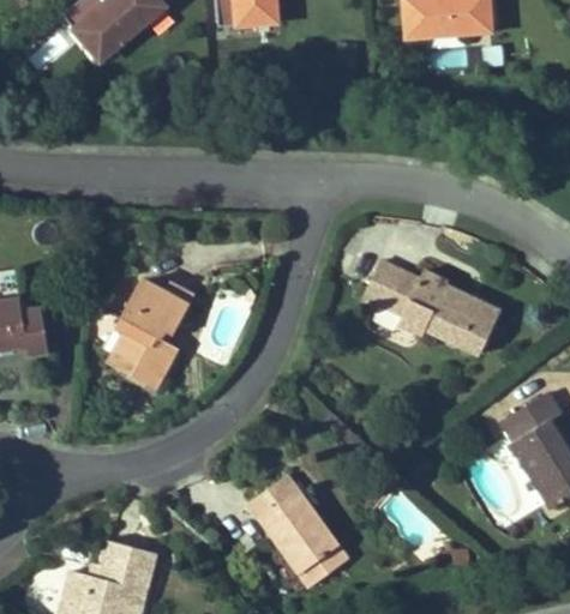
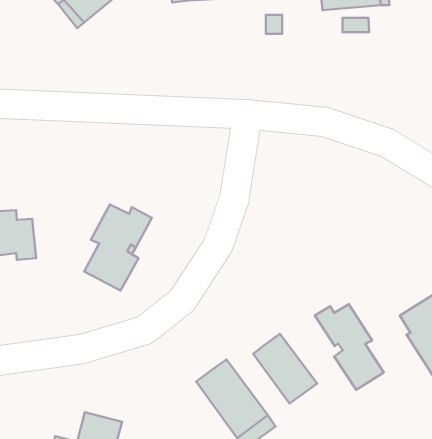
building: [364,260,499,353] -> none
building: none -> [315,304,384,390]
building: none -> [253,334,317,403]

